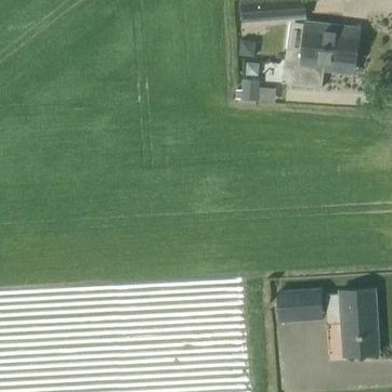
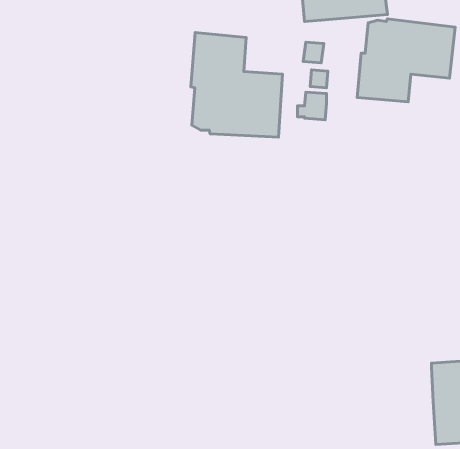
building: none -> [191,32,283,137]
building: [278,289,322,321] -> none

